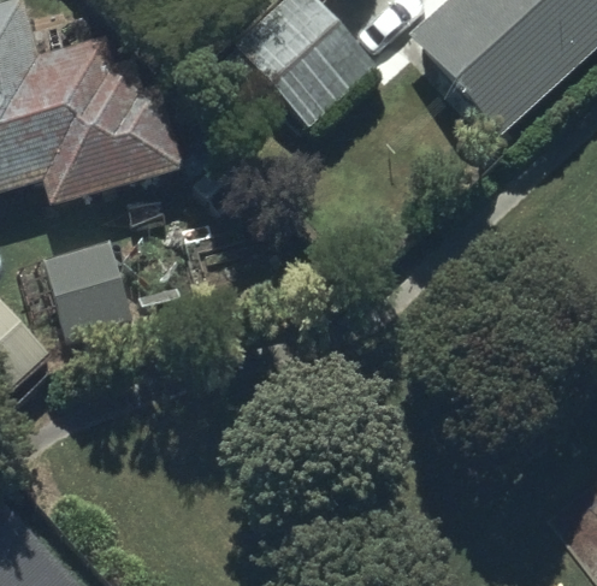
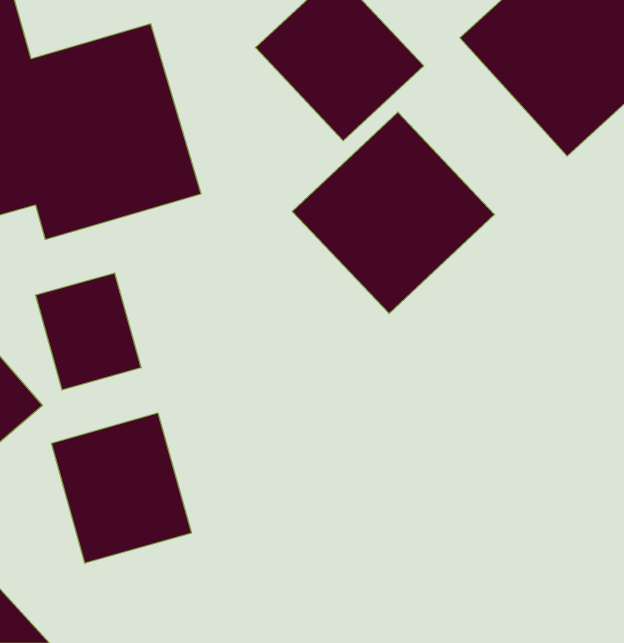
building: none -> [292,112,495,314]
building: none -> [51,413,191,563]

